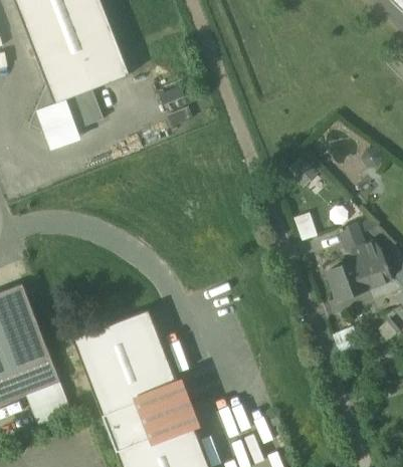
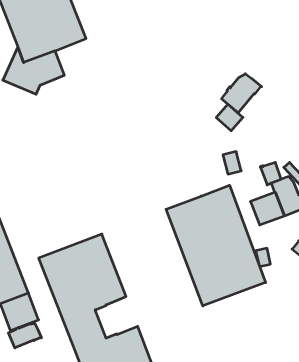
building: none -> [222,74,262,113]
building: none -> [166,185,266,306]
building: [141,385,192,435] -> none
building: none -> [8,324,41,348]

